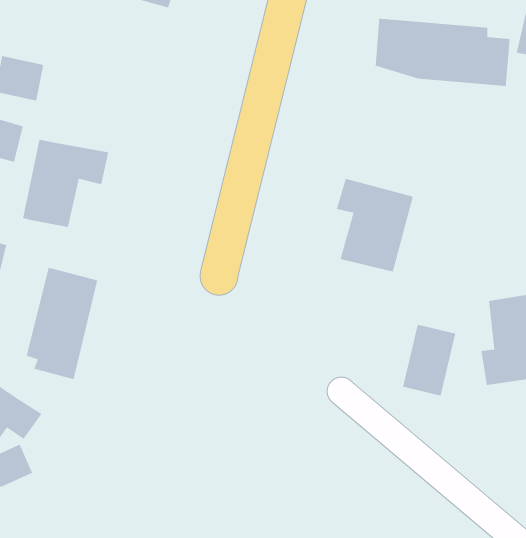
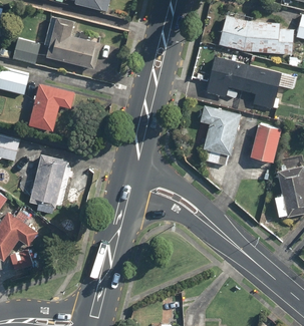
building: none -> [42,16,100,68]
building: none -> [207,56,291,109]
building: [402,324,456,396] -> [249,122,278,161]

